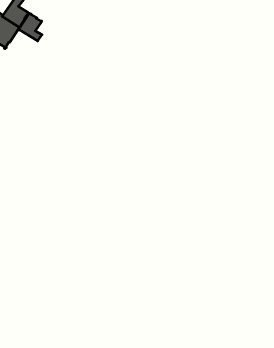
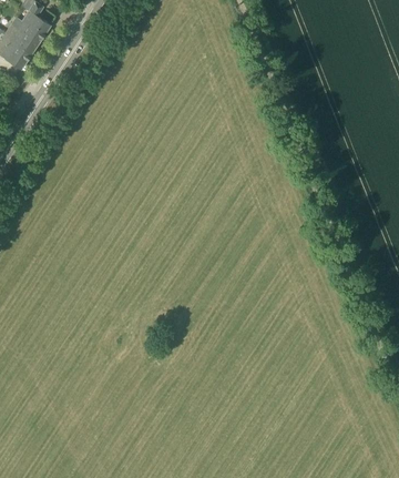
building: [18,13,42,41] -> none

